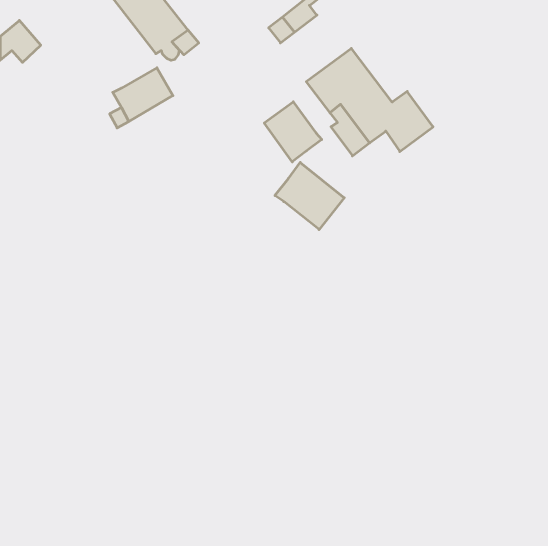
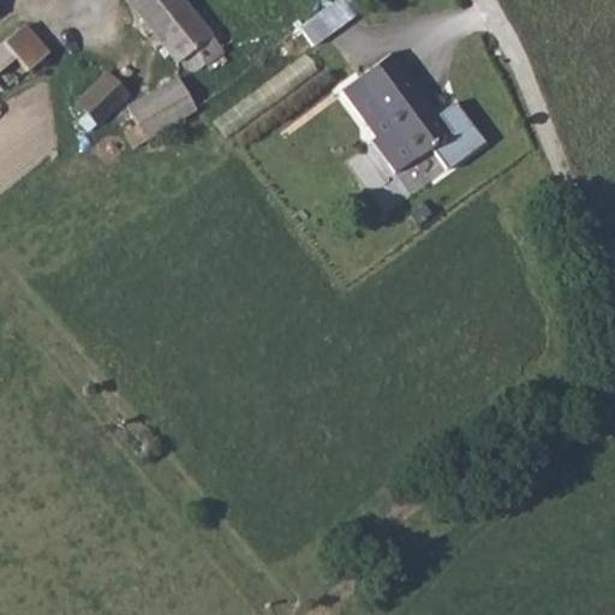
building: none -> [77,70,129,121]
building: [264,102,322,162] -> none
building: [275,162,344,230] -> none

